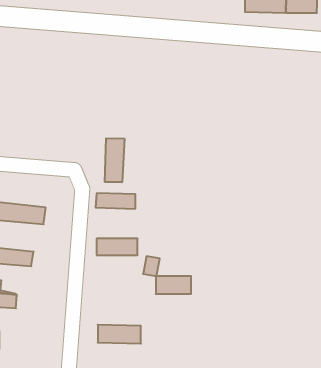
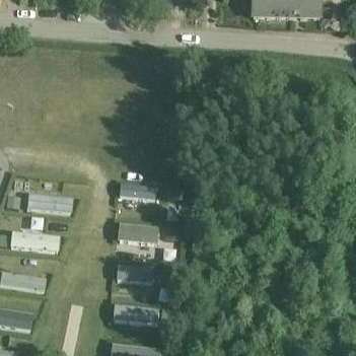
building: [105,138,124,182] -> none
building: [156,276,191,294] -> [118,264,150,280]

